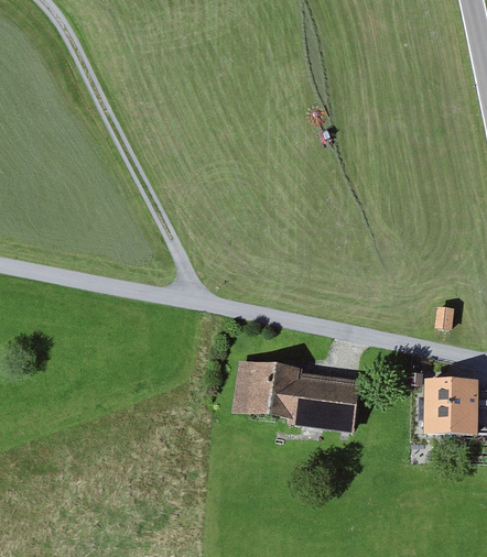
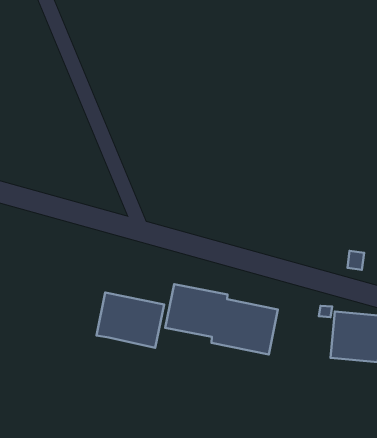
building: none -> [96,292,164,348]

